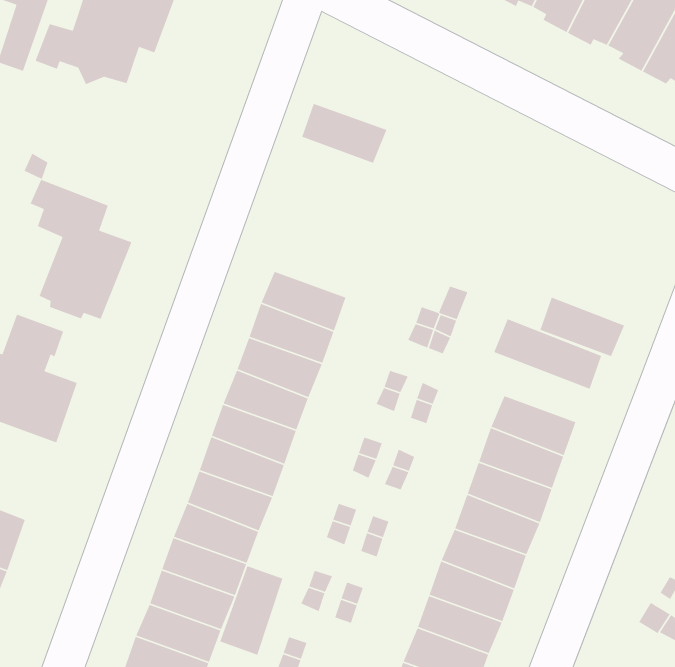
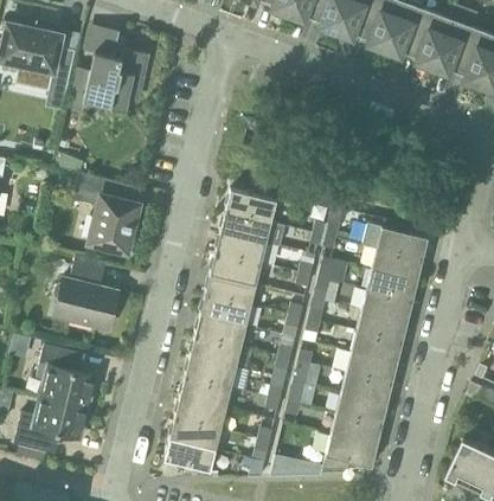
building: [301,103,388,164] -> [226,190,277,221]
building: [539,296,625,357] -> [372,248,423,280]
building: [219,565,283,656] -> none

